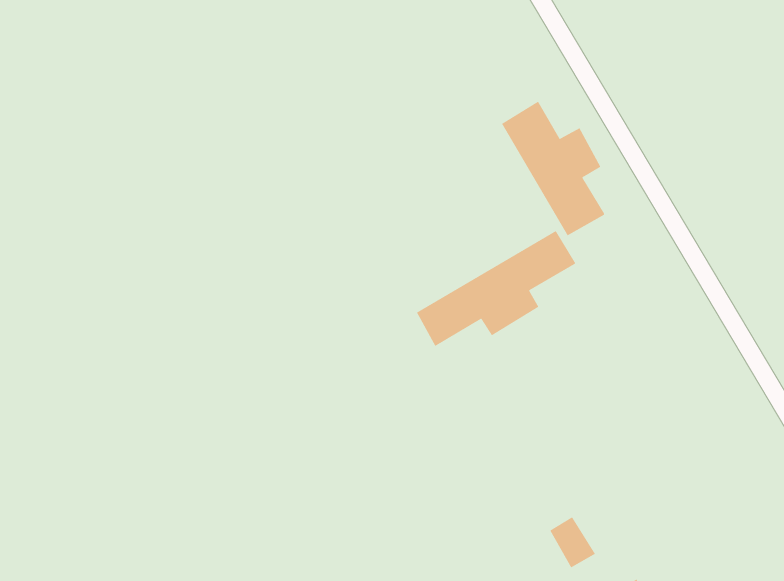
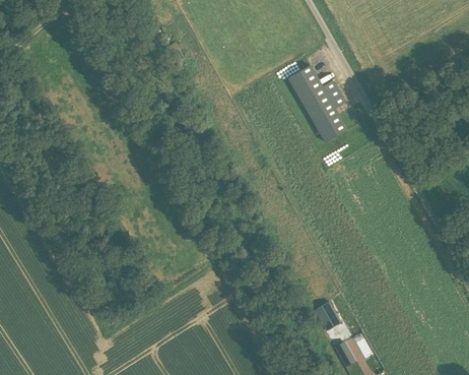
building: [416,230,576,347] -> none

